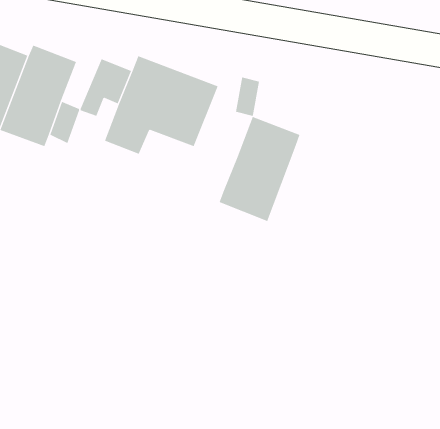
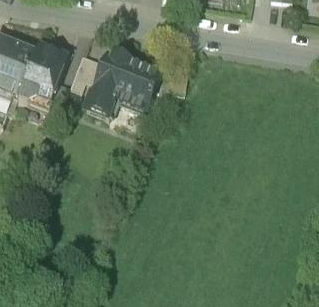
building: [219,116,300,222] -> none

